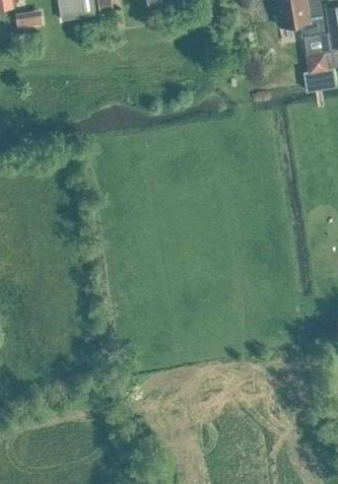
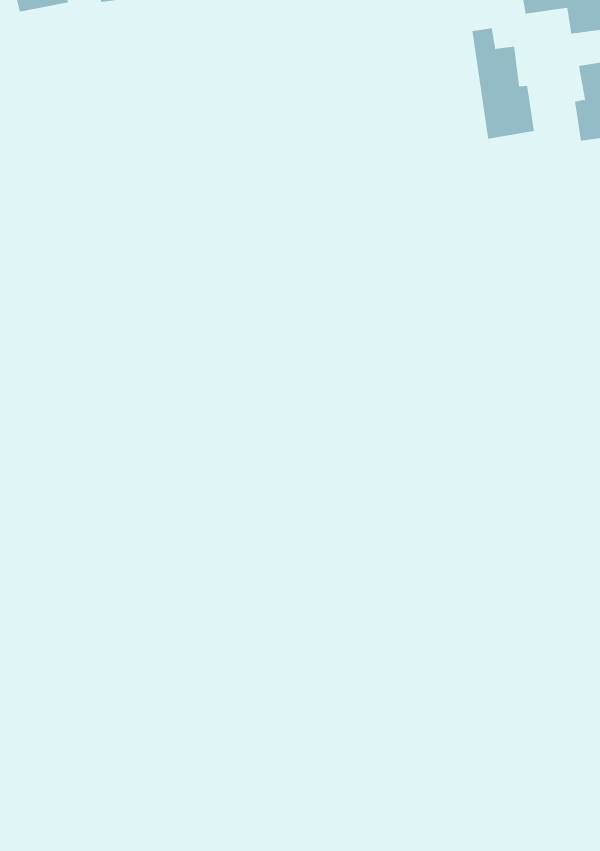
building: none -> [472,28,534,140]

